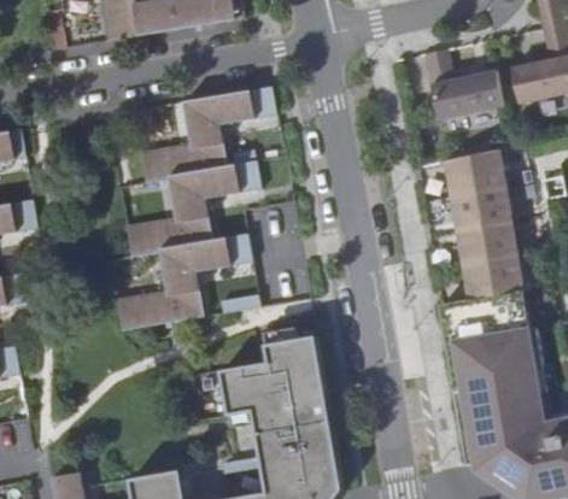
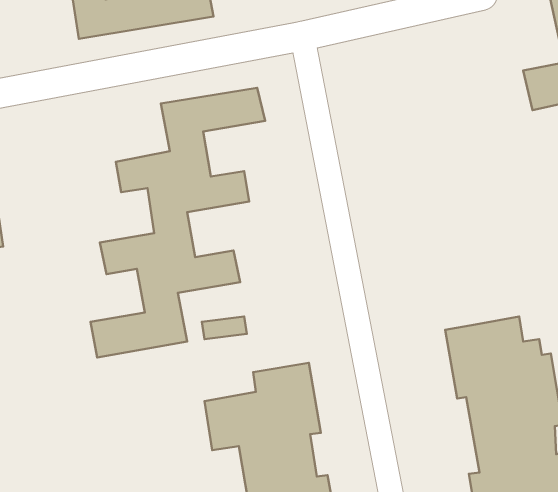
building: [424,49,504,121] -> none
building: [445,149,522,300] -> none

